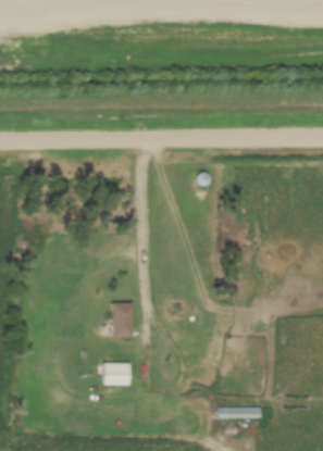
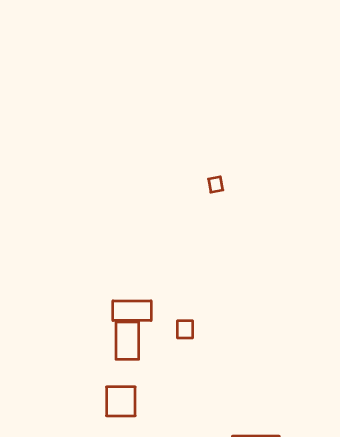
building: none -> [113,301,151,321]

